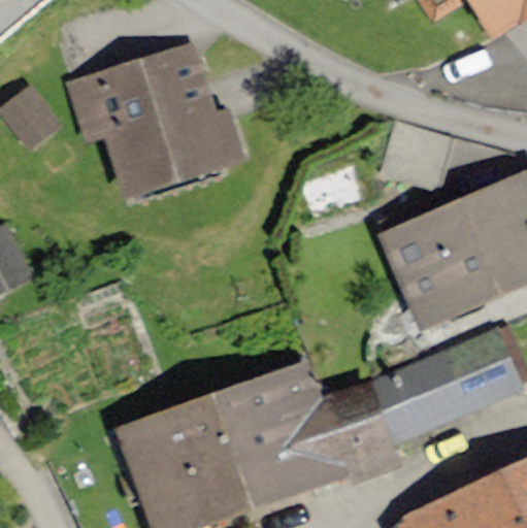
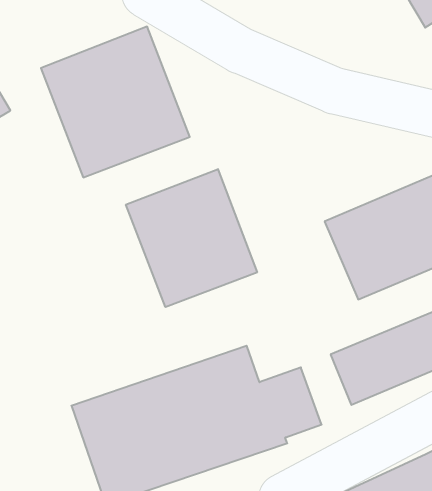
building: none -> [126,169,257,307]

